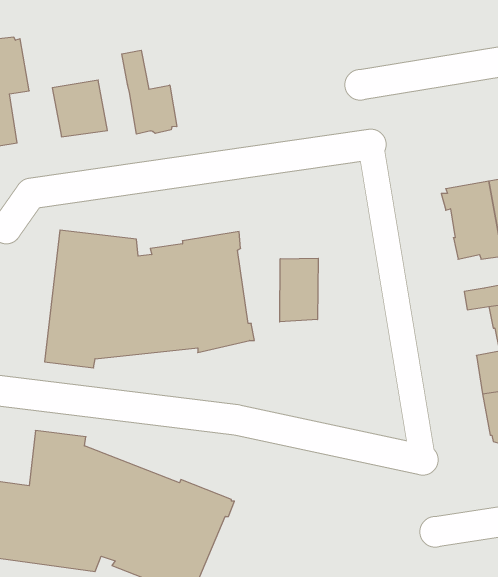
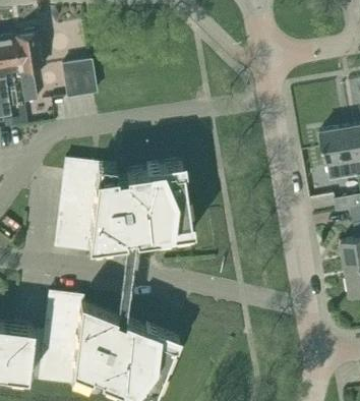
building: [122,50,177,134] -> none
building: [280,258,318,322] -> none

